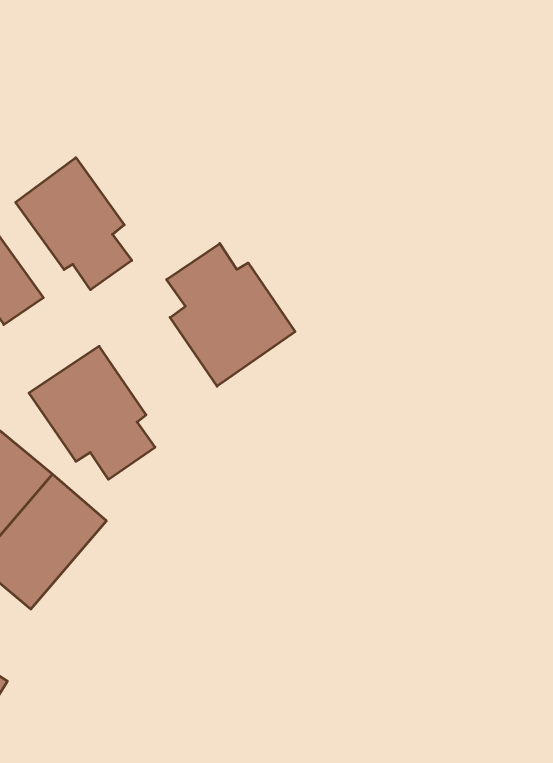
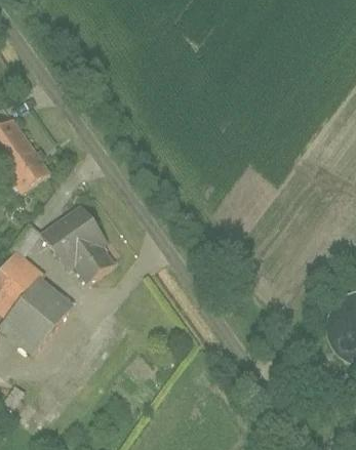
building: [16,158,132,290] -> none
building: [167,243,295,386] -> none

